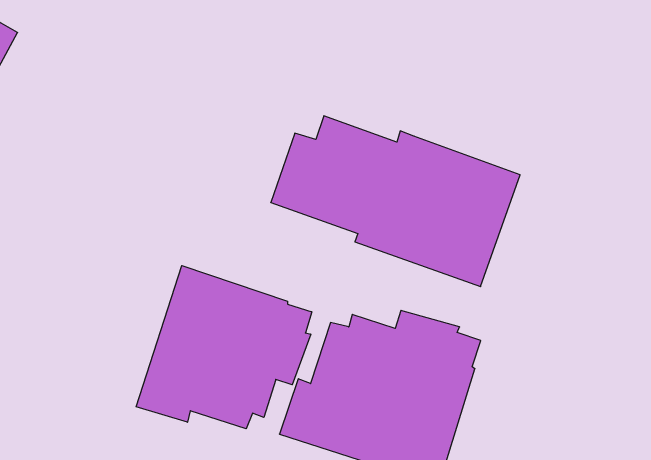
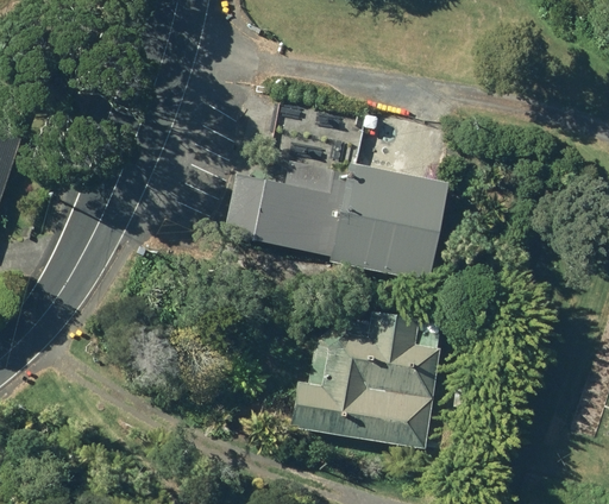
building: [136,266,312,429] -> none

